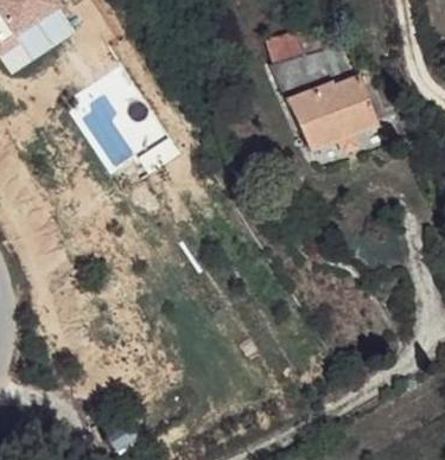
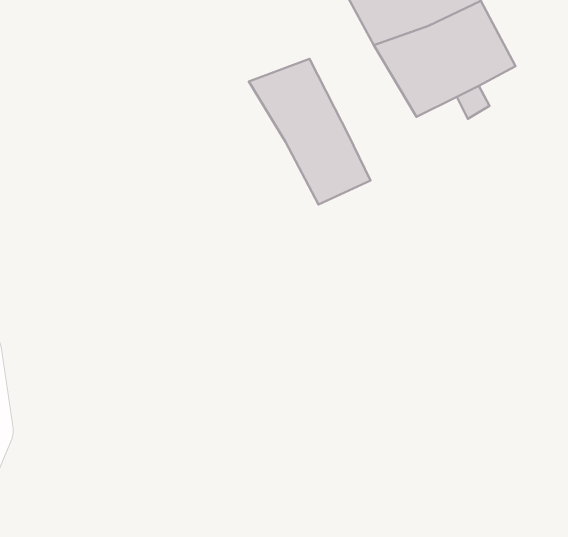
building: none -> [249,59,371,204]

